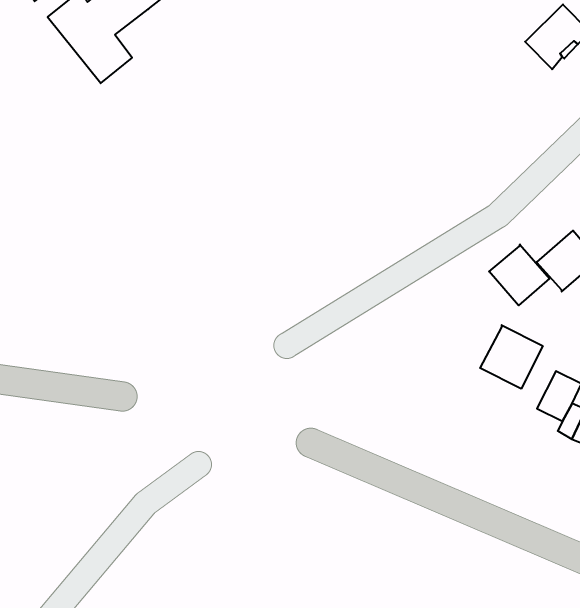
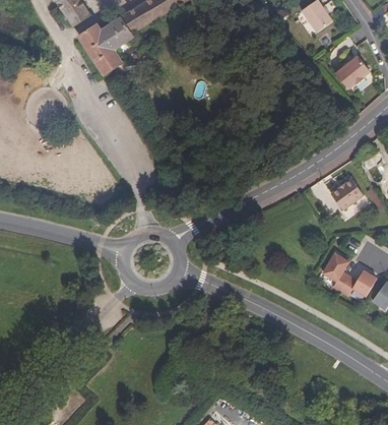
building: [489,244,549,305] -> none
building: [480,325,543,389] -> none

